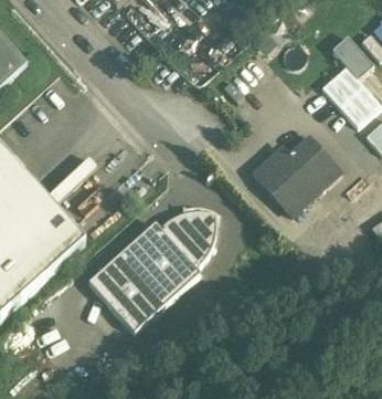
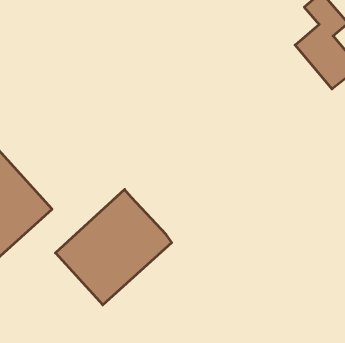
building: [255,138,338,212] -> none
building: [161,210,216,264] -> none

